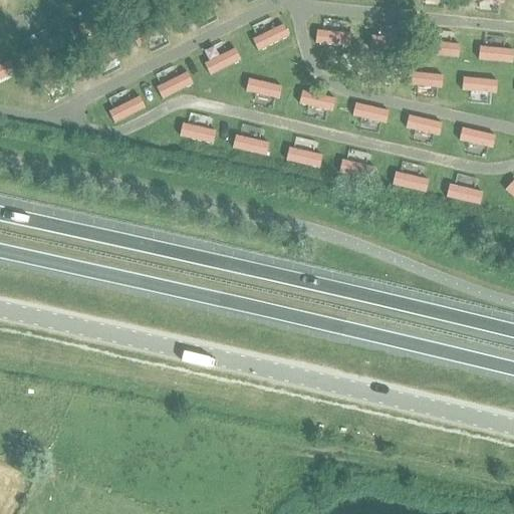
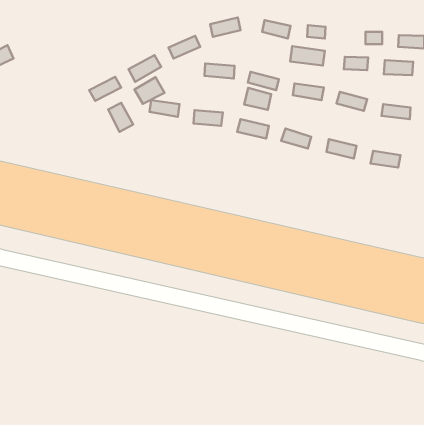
building: none -> [290,46,325,65]
building: none -> [134,77,164,104]
building: none -> [244,88,271,110]
building: none -> [108,103,133,132]

